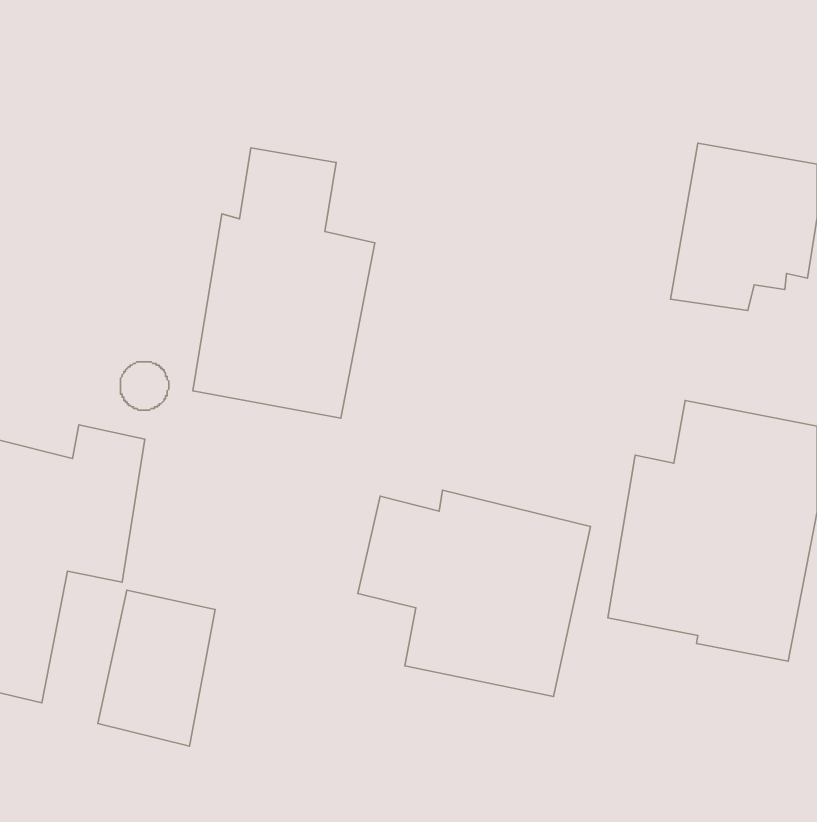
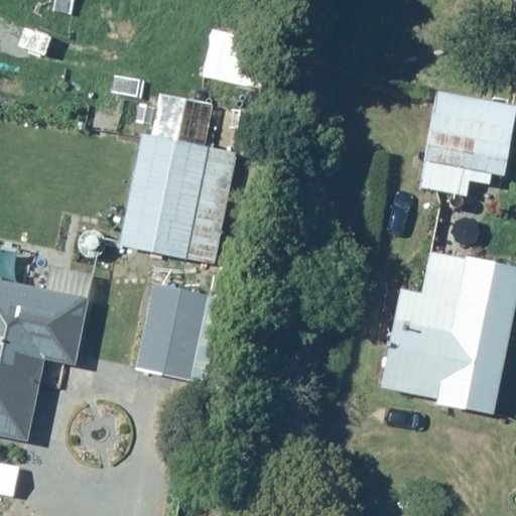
building: [358,490,590,697] -> none
building: [98,590,215,746] -> [133,284,207,382]

